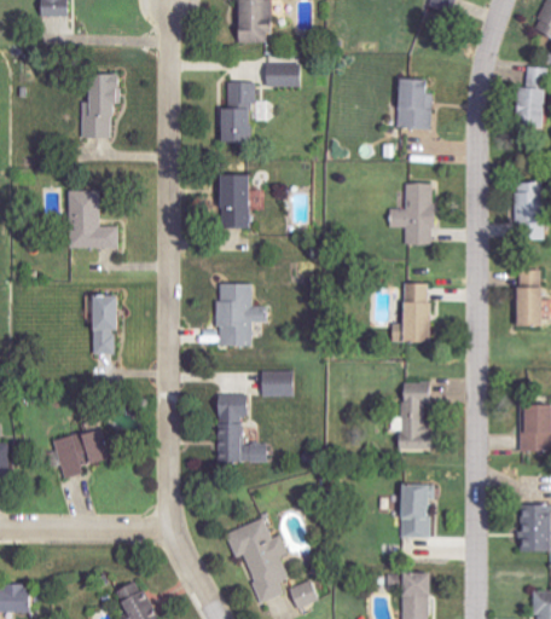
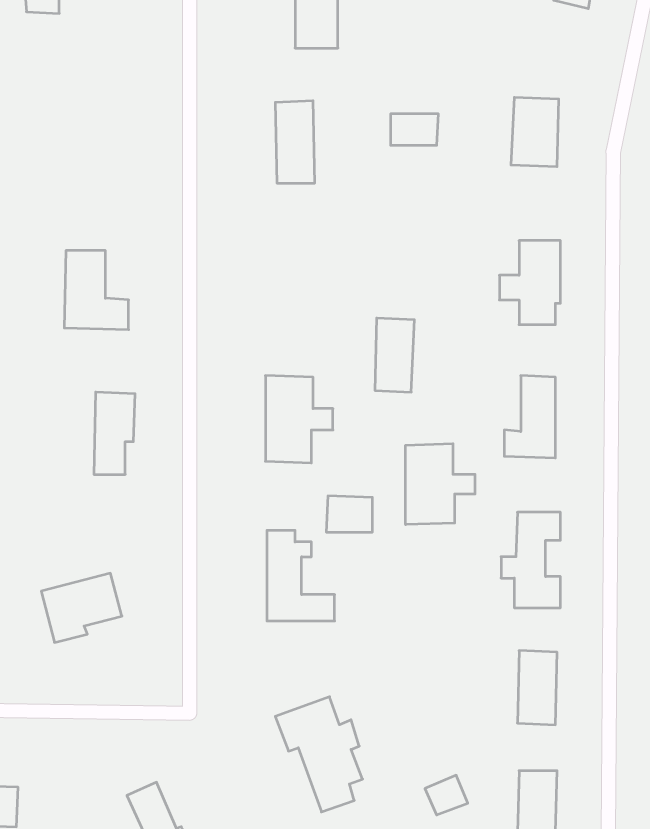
building: [265,63,300,86] -> [391,114,438,145]
building: [79,73,118,138] -> none
building: [221,173,250,227] -> [375,318,414,392]
building: none -> [406,444,475,525]
building: [285,579,317,608] -> [425,775,468,815]

